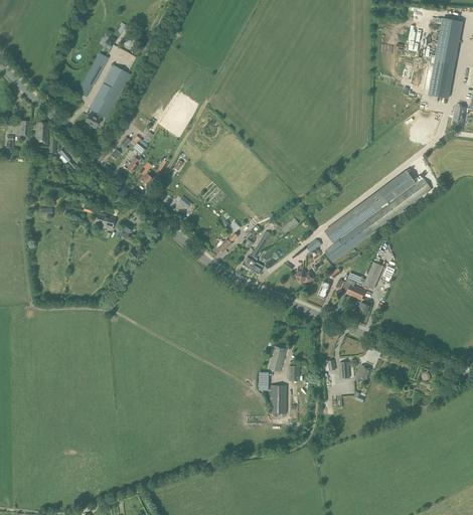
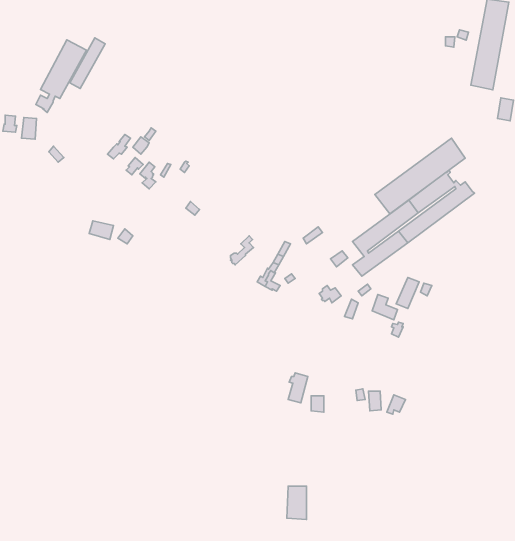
building: [86,64,130,128] -> [36,40,86,112]
building: none -> [375,138,465,214]
building: [270,384,287,413] -> [287,486,307,519]

